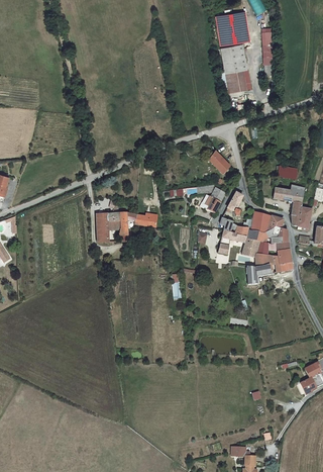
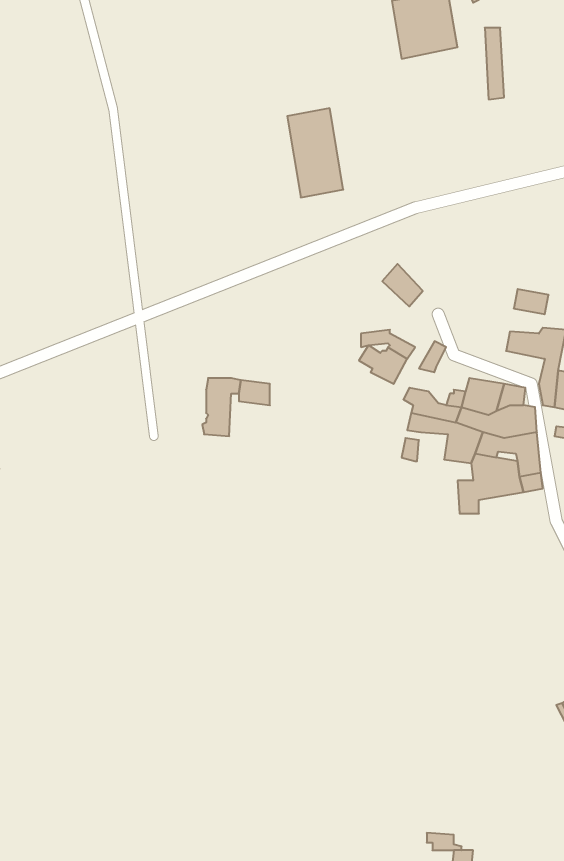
building: [221,44,250,91] -> [287,108,343,197]
building: [96,203,117,241] -> none

